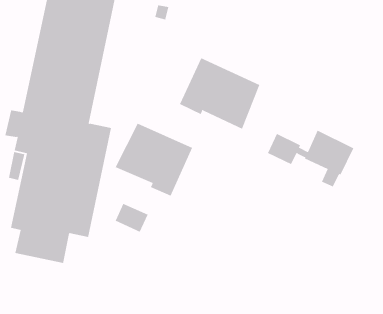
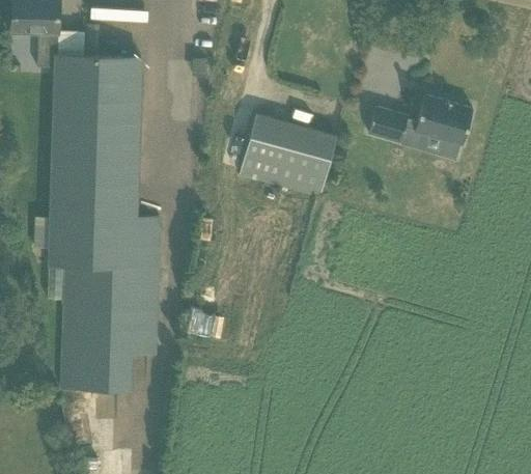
building: [115,123,193,196] -> none
building: [267,130,354,187] -> [368,94,473,161]

